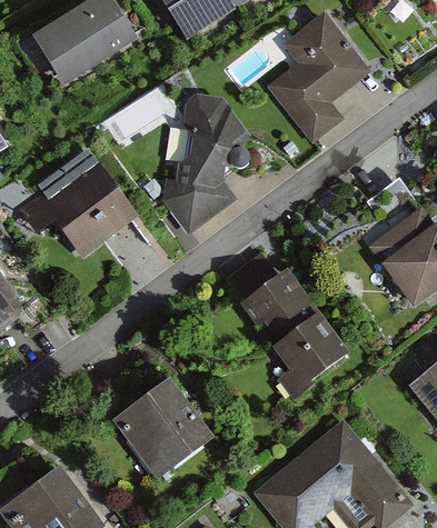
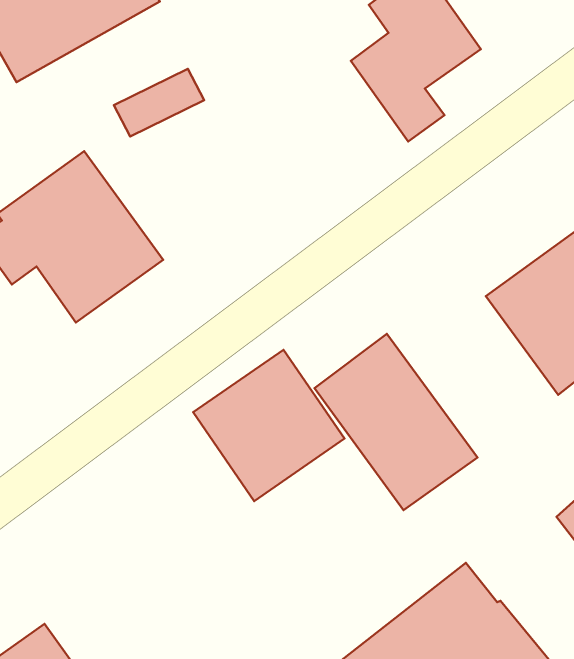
building: [156,99,240,232] -> none
building: [115,378,217,480] -> [193,350,345,501]

